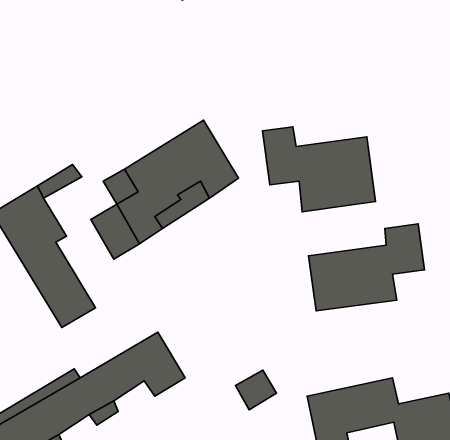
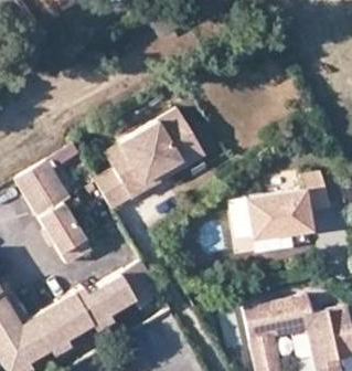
building: [262,127,376,212] -> none

